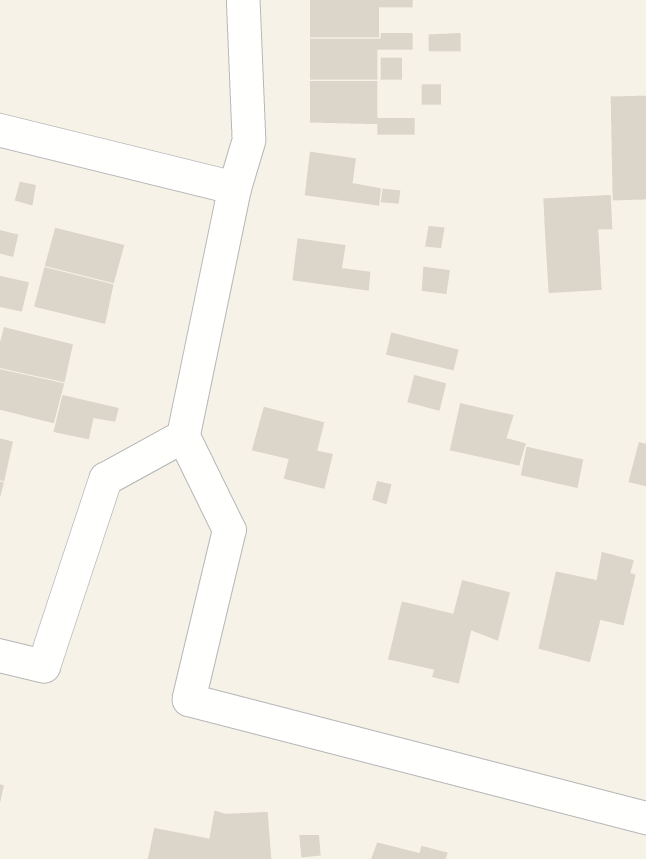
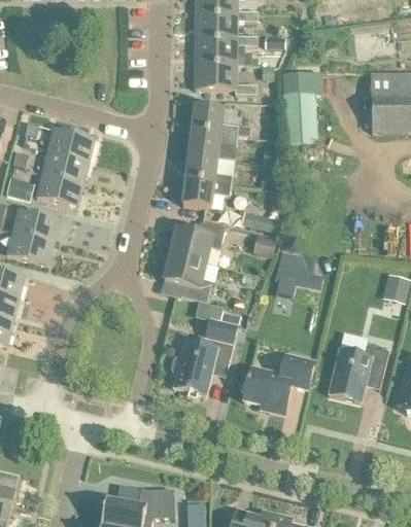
building: none -> [47,126,94,160]
building: [542,194,613,294] -> [281,72,322,130]
building: none -> [189,131,237,160]
building: none -> [182,180,231,209]
building: none -> [169,221,224,262]
building: [53,394,120,440] -> none
building: [520,446,584,489] -> none
building: none -> [169,309,238,395]

